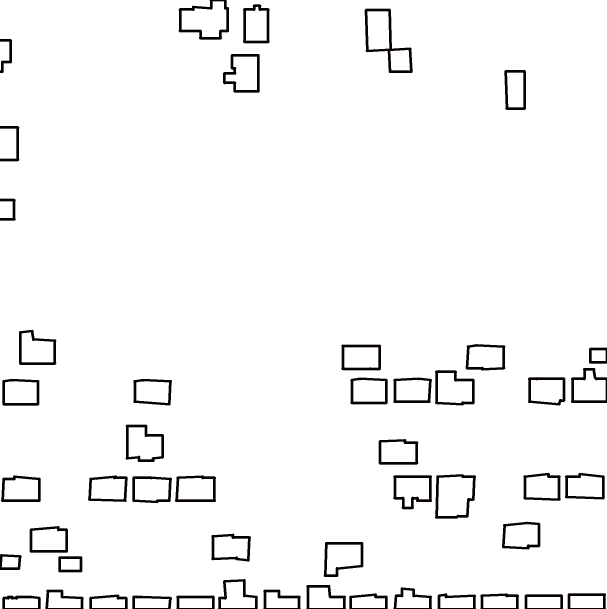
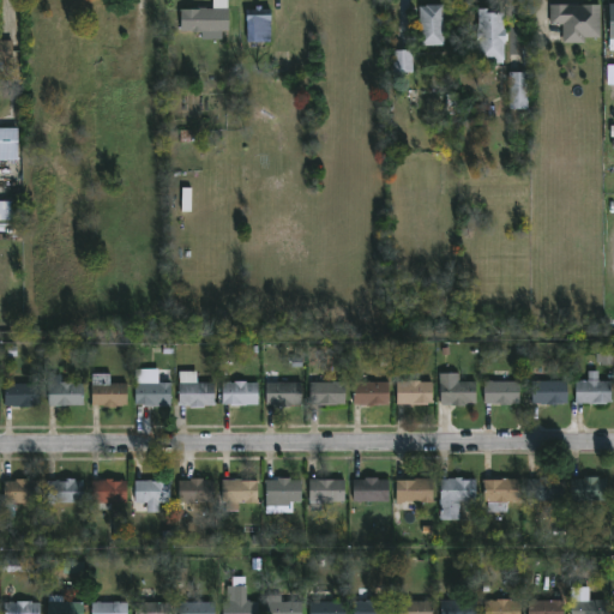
building: none -> [549,5,601,43]
building: none -> [478,8,506,64]
building: [366,10,391,51] -> [419,5,444,46]
building: [225,55,258,91] -> none
building: [20,331,55,363] -> [48,374,83,407]
building: [467,345,504,369] -> [483,381,520,405]
building: [343,346,380,369] -> [309,383,347,405]
building: none -> [265,368,302,407]
building: none -> [179,372,215,409]
building: none -> [222,381,259,407]
building: [127,426,163,461] -> [91,374,127,409]
building: [380,440,417,463] -> [353,478,390,501]
building: none -> [266,478,301,513]
building: [503,523,539,548] -> [483,478,519,504]
building: [31,527,67,551] -> [47,480,83,504]
building: [213,535,250,560] -> [222,480,259,505]
building: [325,543,362,576] -> [308,480,345,512]

